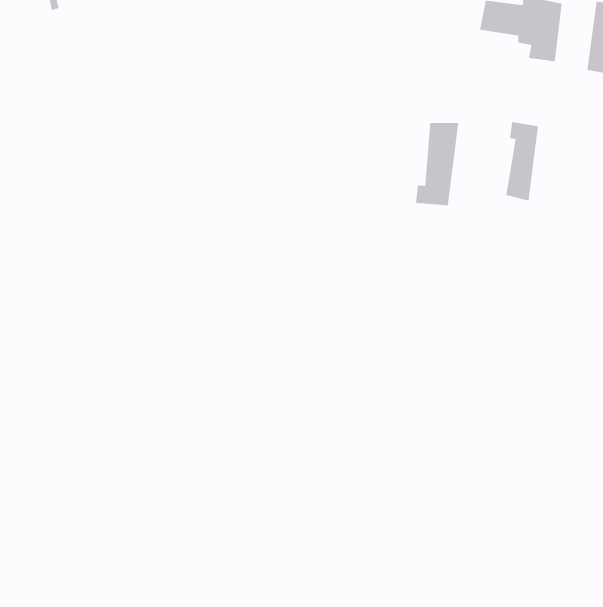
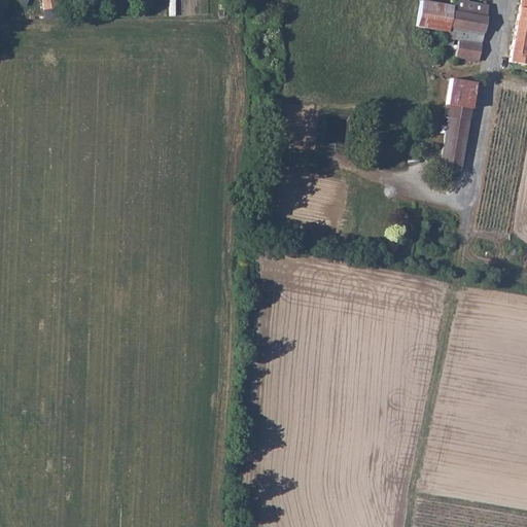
building: none -> [447,77,475,109]
building: [416,122,459,206] -> none

